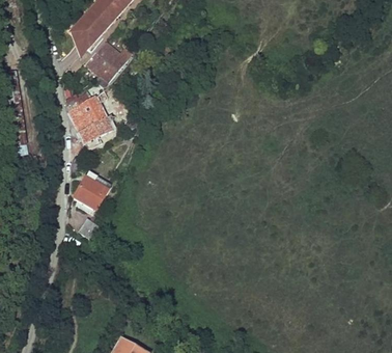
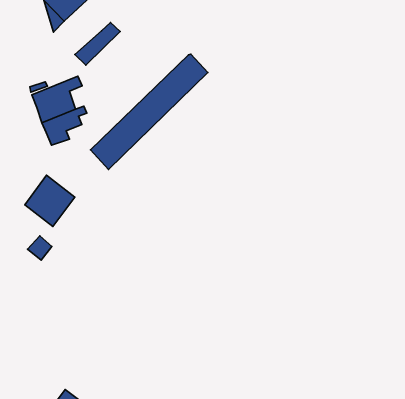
building: [86,43,117,75] -> none
building: none -> [90,54,208,169]

